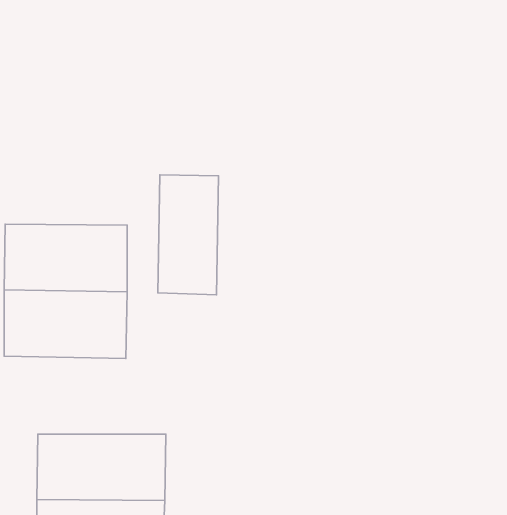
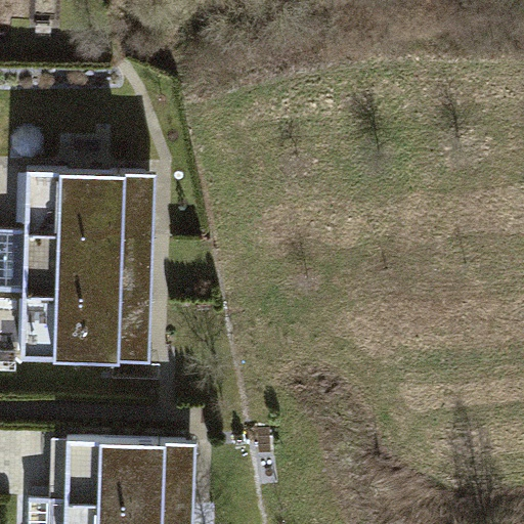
building: none -> [21,166,144,233]
building: [158,175,218,295] -> none

